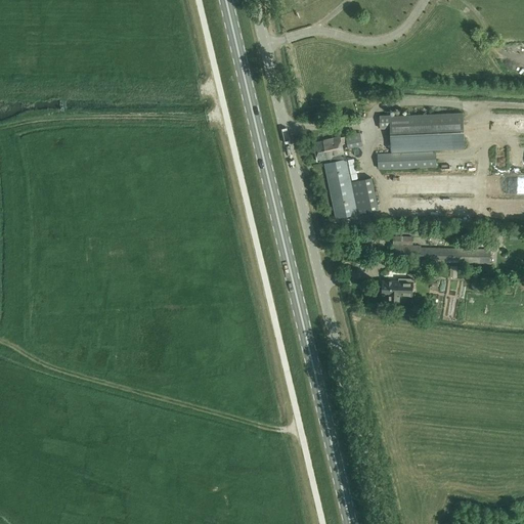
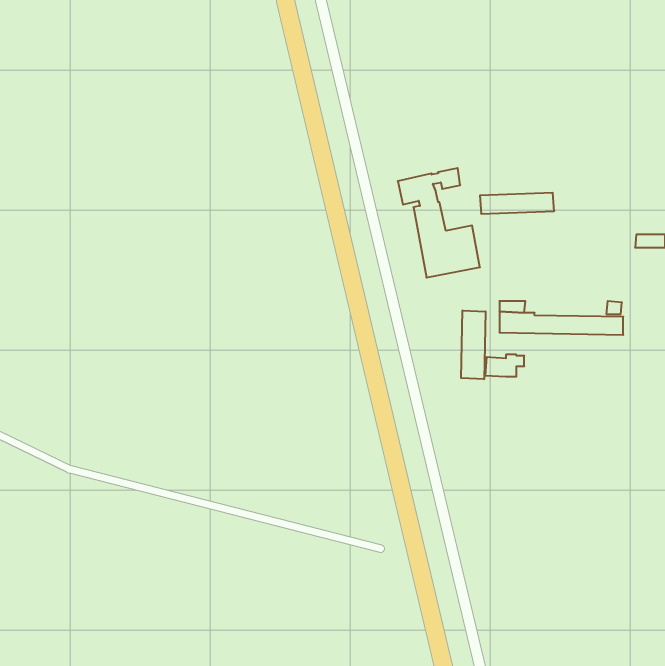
building: [379,113,464,151] -> none
building: none -> [461,310,486,379]

